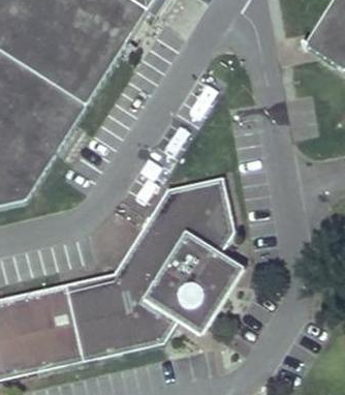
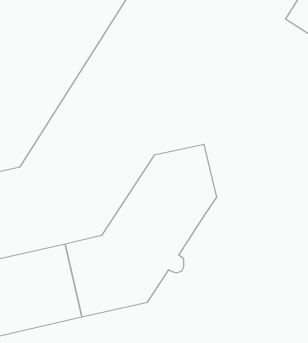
building: [178,252,244,333] -> none

